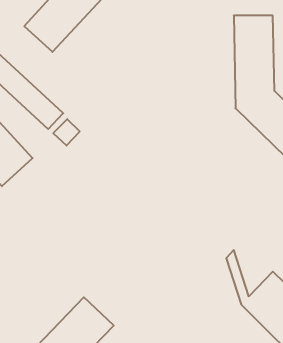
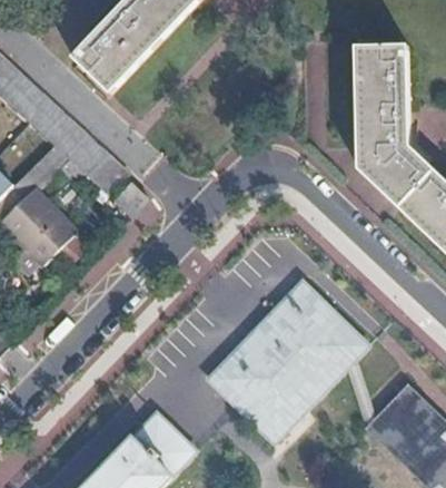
building: none -> [207,283,365,440]

